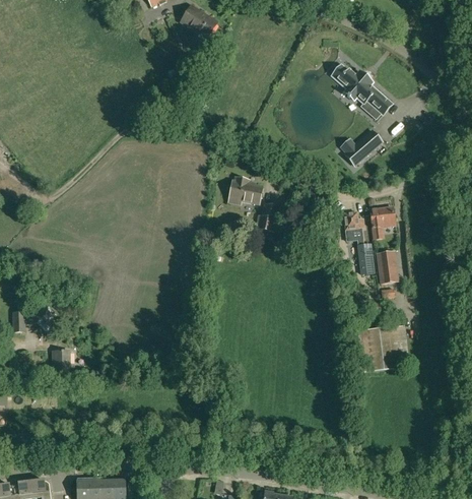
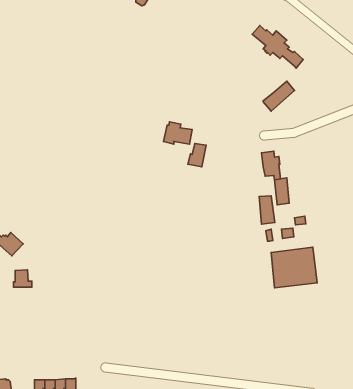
building: [369,207,395,239] -> none
building: [377,251,395,285] -> [259,196,275,224]

